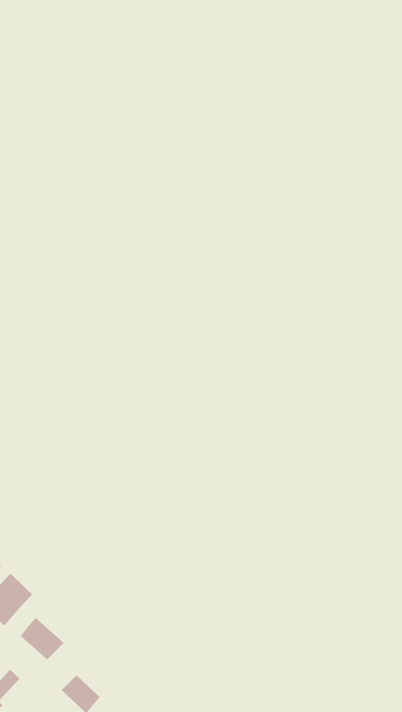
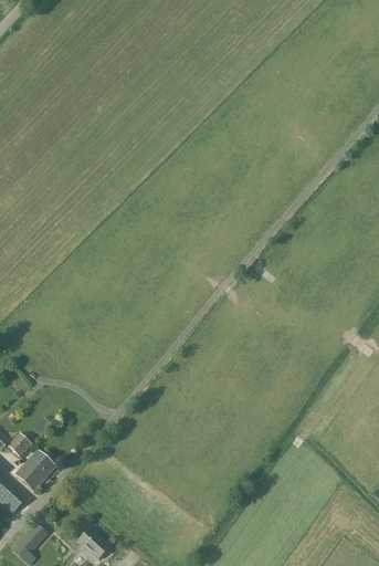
building: [20,617,64,660] -> none

